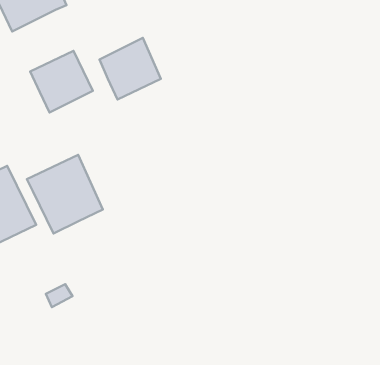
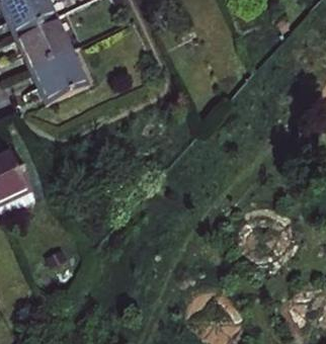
building: [99,38,161,100] -> [16,16,68,68]
building: [27,155,103,234] -> none

